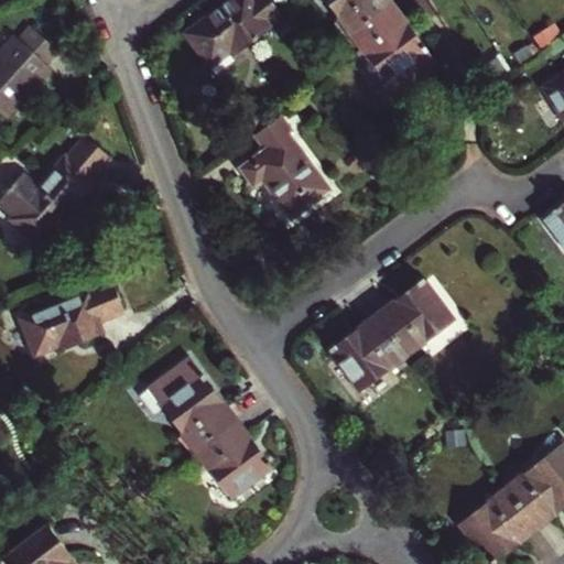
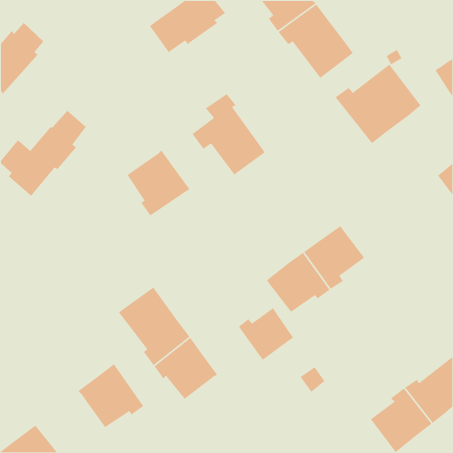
building: none -> [334,64,421,144]
building: none -> [127,150,191,216]
building: [19,280,124,354] -> none
building: none -> [238,307,294,361]
building: none -> [77,363,144,428]

